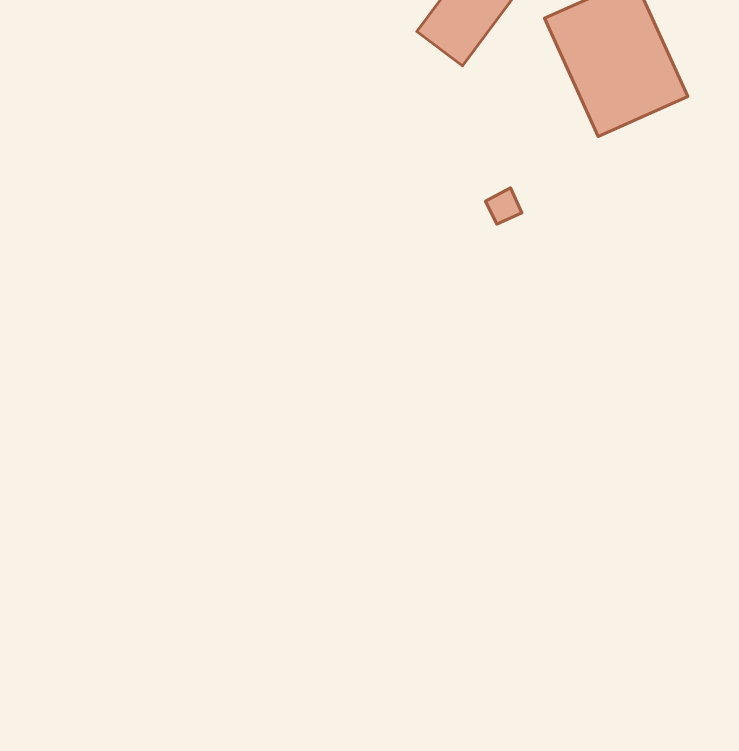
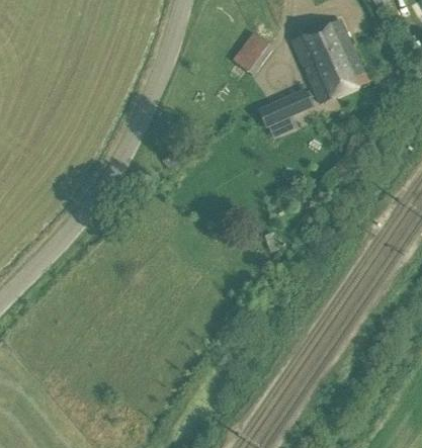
building: none -> [273,87,314,120]

